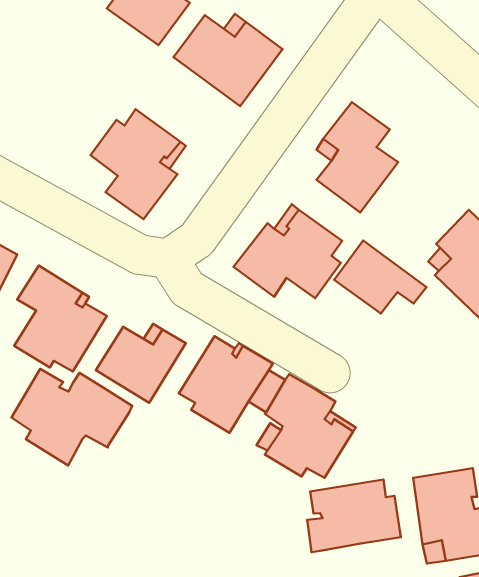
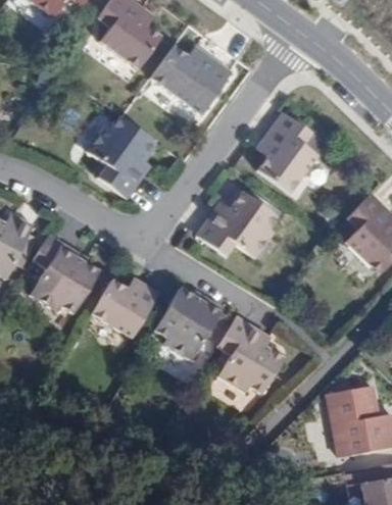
building: [334,241,426,314] -> none
building: [11,369,132,465] -> none
building: [307,480,401,552] -> none

